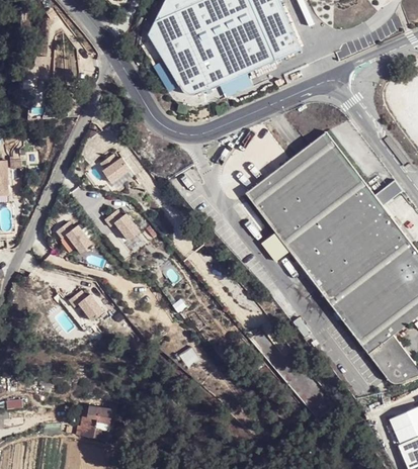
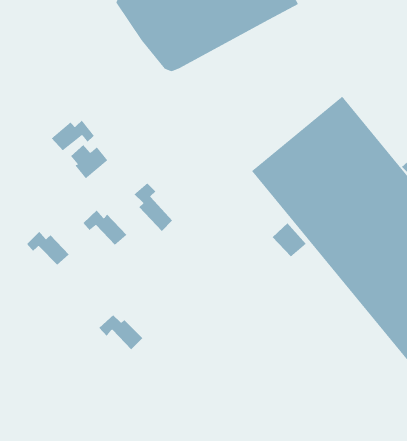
building: none -> [51,120,94,151]
building: none -> [134,182,173,232]
building: [67,287,103,318] -> [99,314,143,350]

